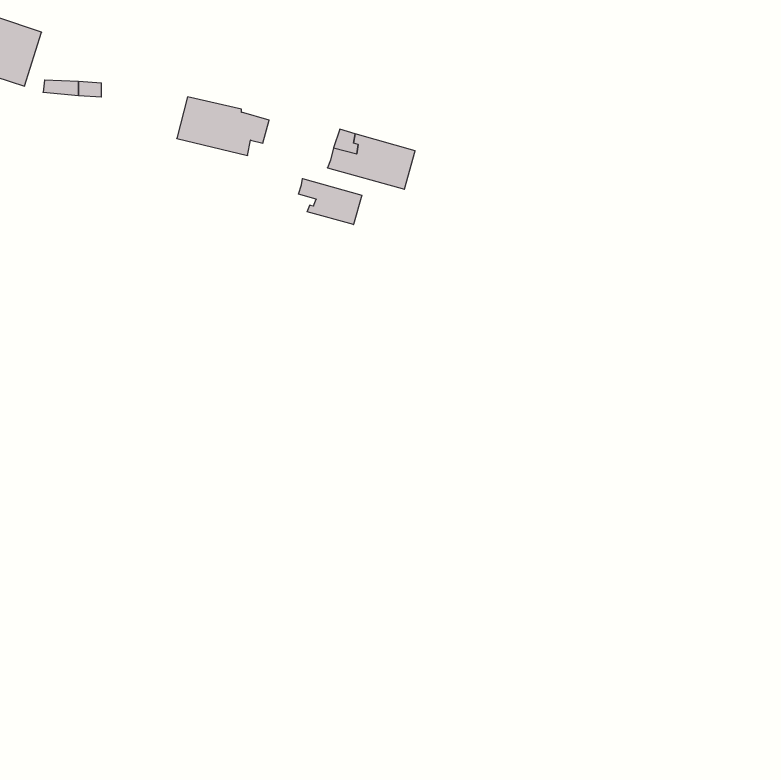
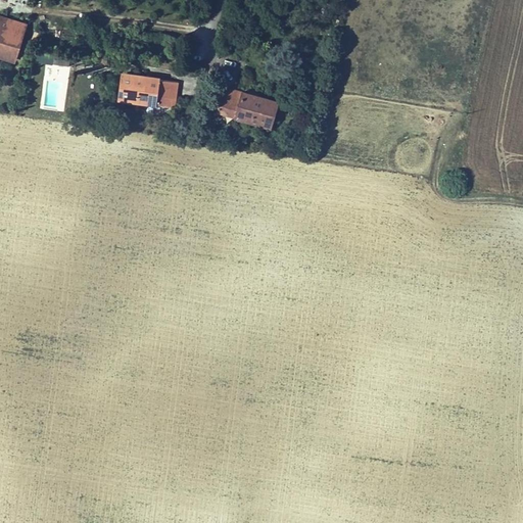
building: [299,179,362,225] -> none

